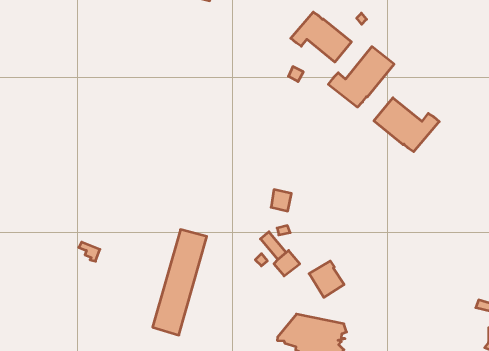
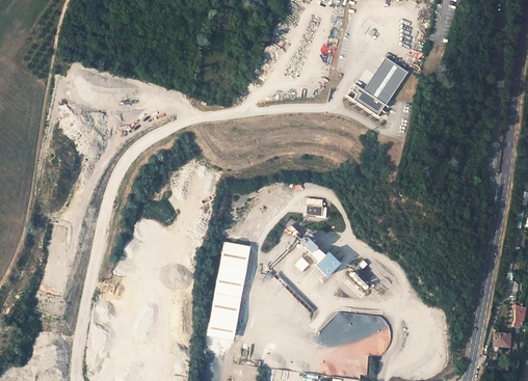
building: [291,12,351,62] -> none
building: [374,98,439,152] -> none

